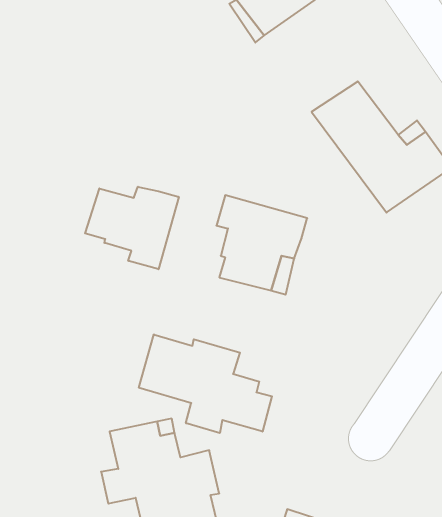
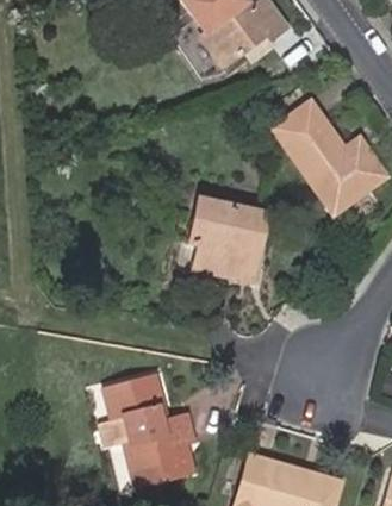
building: [85,187,179,269] -> none
building: [139,334,272,433] -> none

